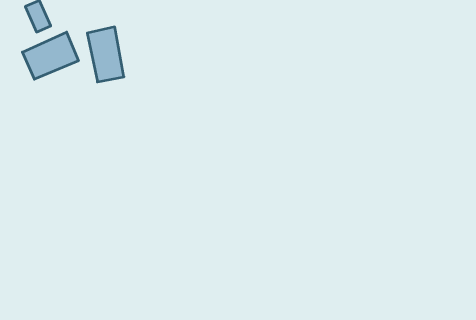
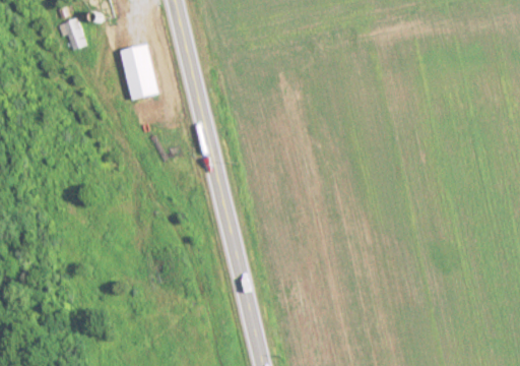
building: [22,32,78,79] -> none

